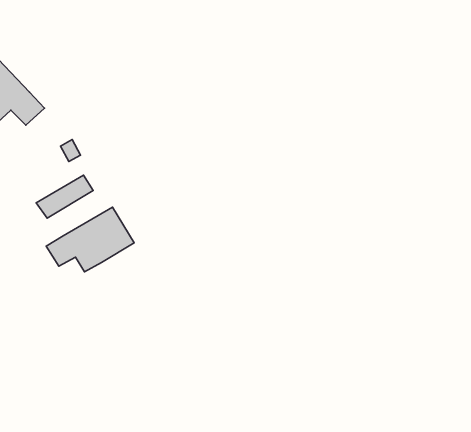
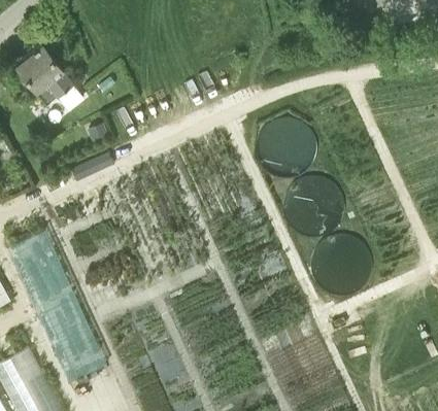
building: [46,207,134,272] -> none

